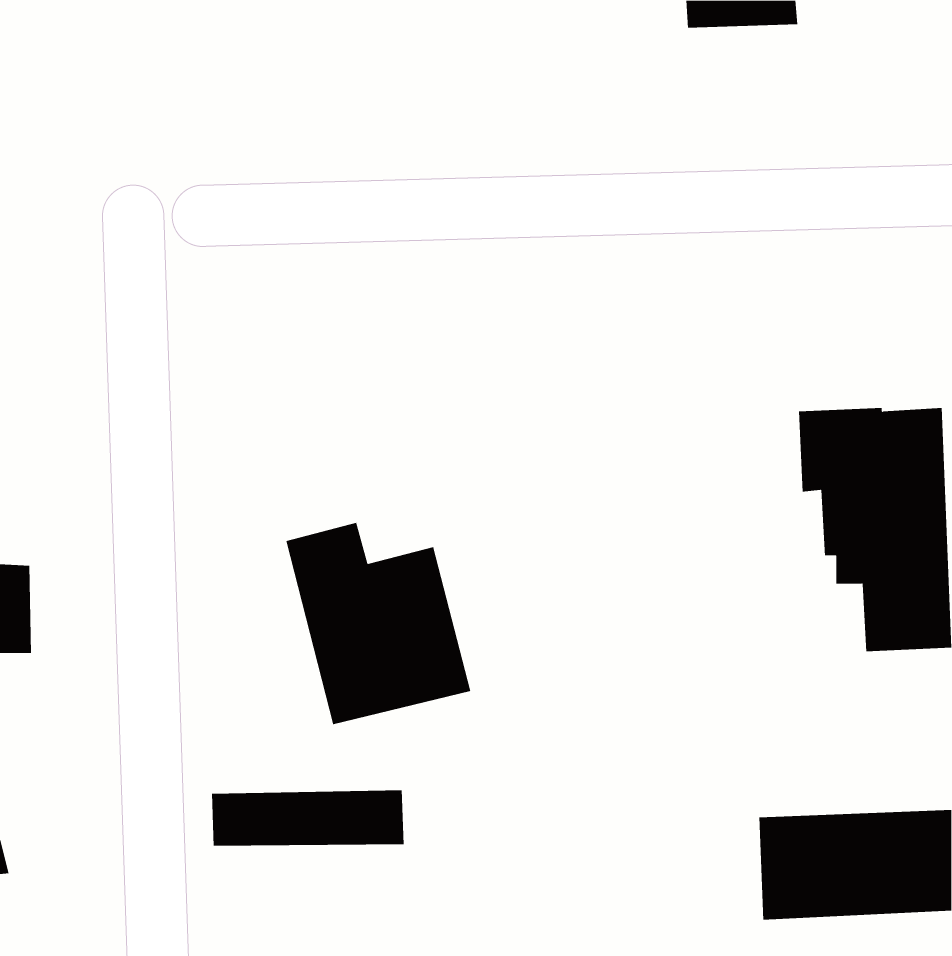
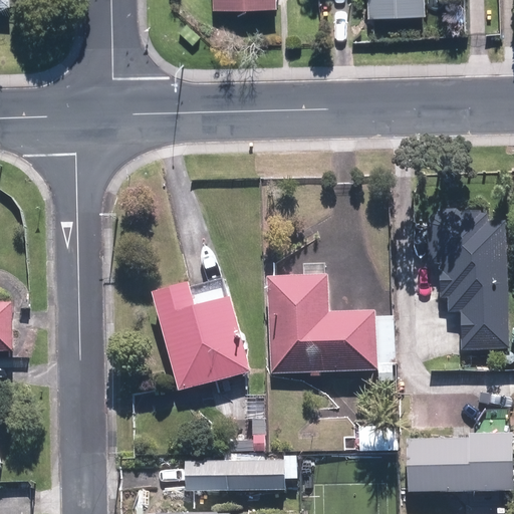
building: none -> [268,274,377,370]
building: [211,790,404,846] -> [184,461,287,491]

